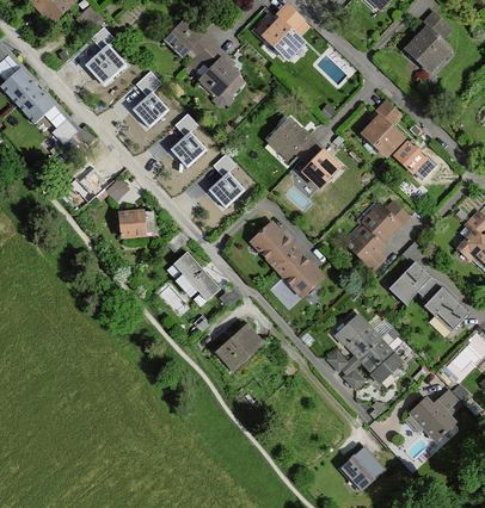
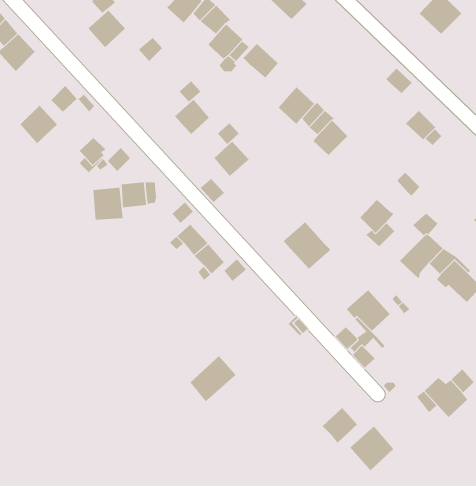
building: none -> [242,43,278,79]
building: [18,86,55,124] -> [20,105,58,144]
building: [133,92,167,125] -> none
building: [363,117,401,154] -> none
building: [364,206,397,240] -> none
building: none -> [93,187,123,221]
building: [252,223,297,268] -> none
building: [217,324,263,370] -> [189,355,236,402]
building: [362,339,401,382] -> none
building: none -> [322,407,358,444]

